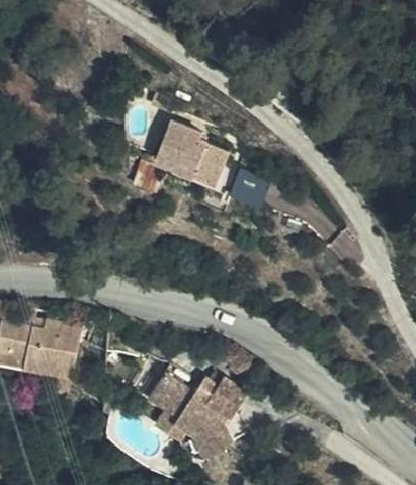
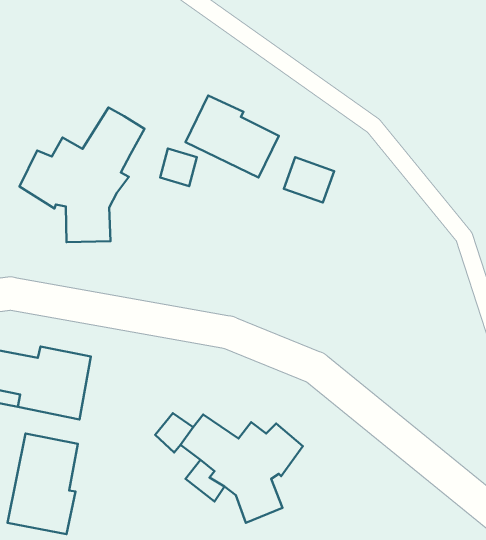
building: none -> [20,108,145,242]
building: none -> [8,433,78,534]

